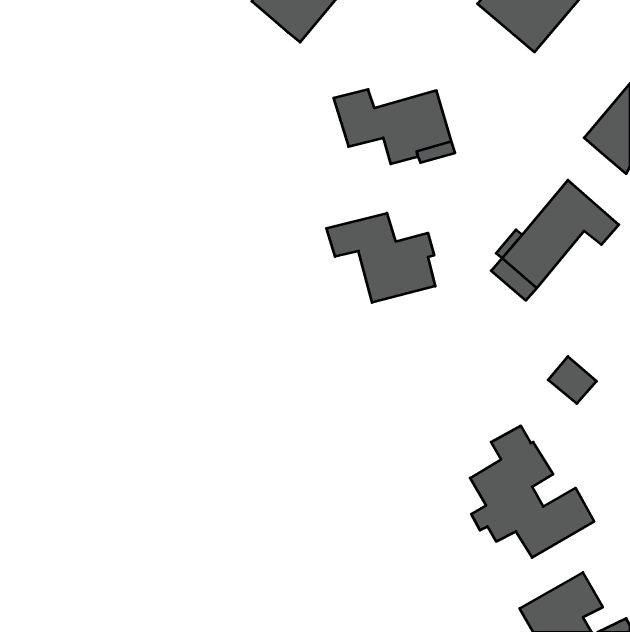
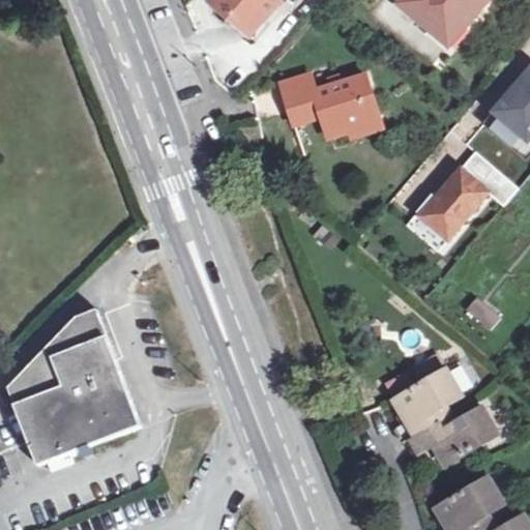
building: [326,213,435,303] -> none
building: none -> [6,307,141,464]

